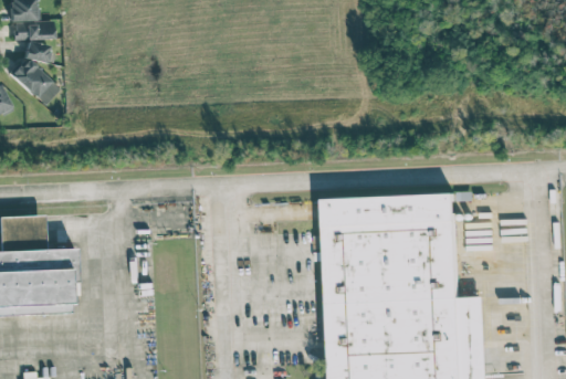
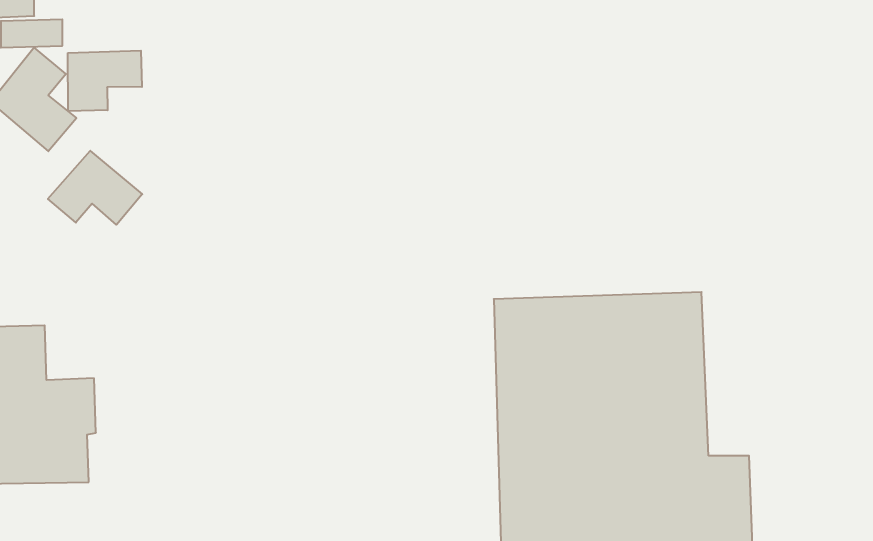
building: none -> [68,51,142,111]
building: none -> [48,151,142,225]

